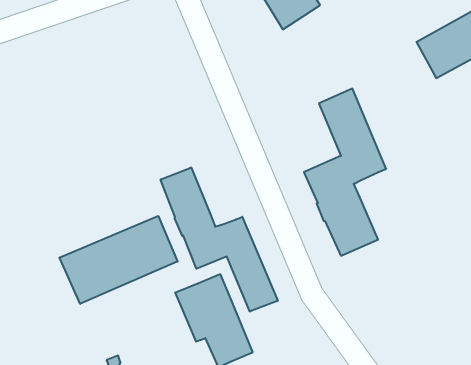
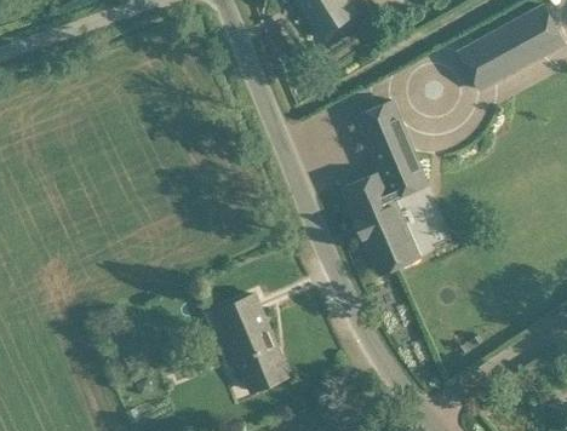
building: [161,167,278,312] -> none
building: [60,216,178,304] -> none

